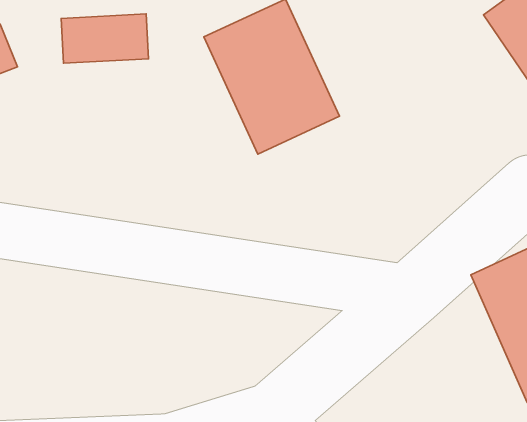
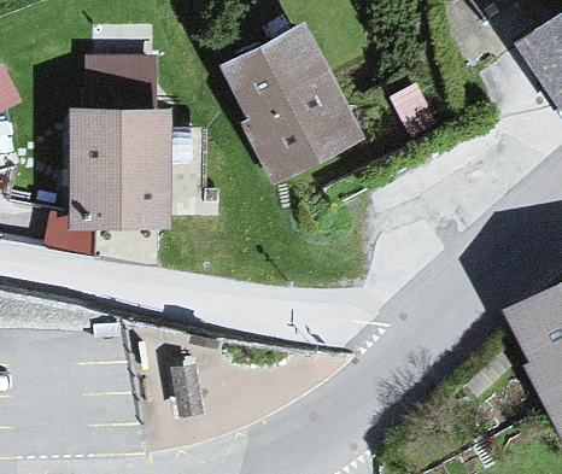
building: none -> [69,109,172,233]

